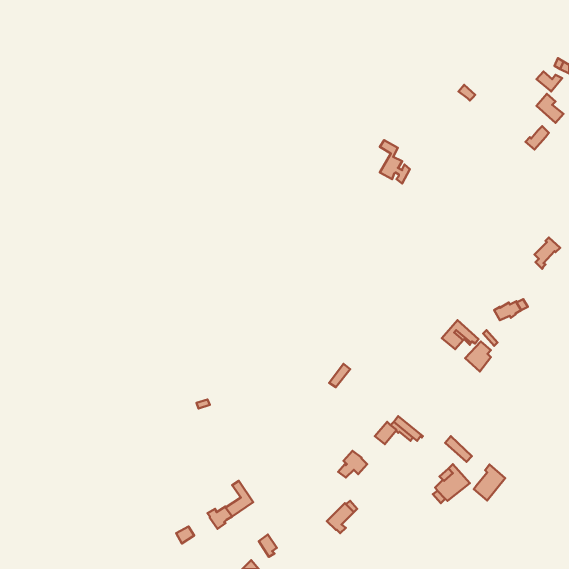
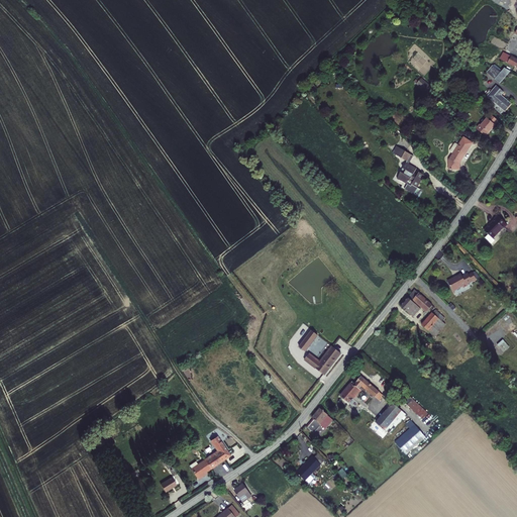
building: [380,140,410,184] -> [396,148,423,188]
building: none -> [448,137,471,169]
building: none -> [304,345,340,374]
building: [474,465,505,500] -> [376,401,404,433]

